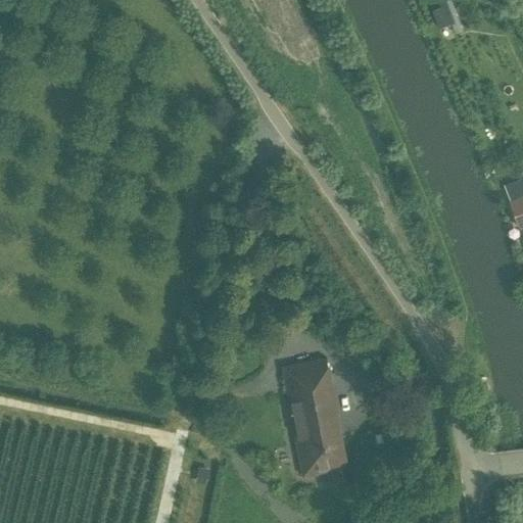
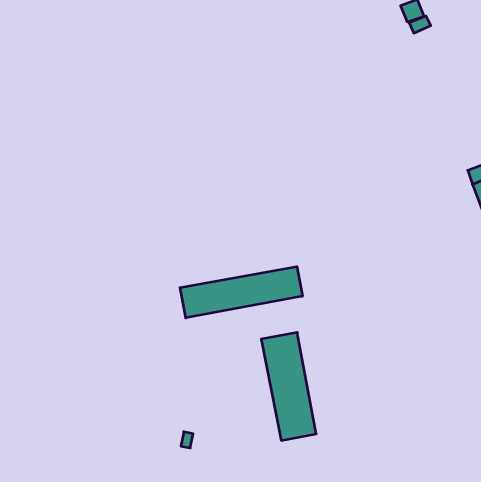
building: none -> [180,267,302,318]

